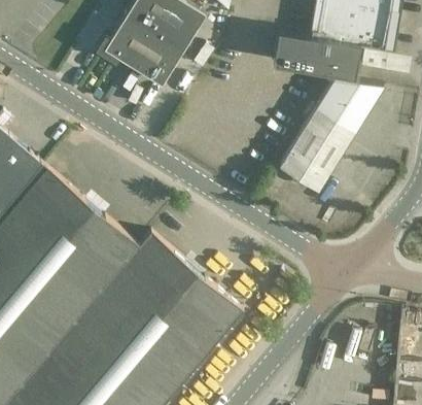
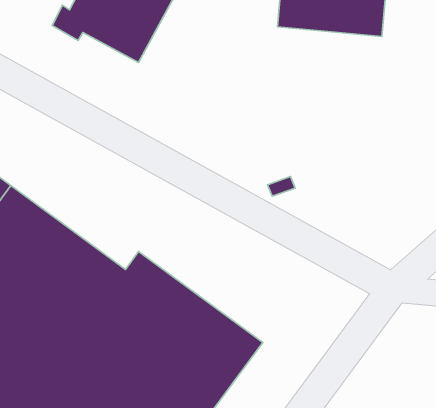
building: [280,79,383,193] -> none

